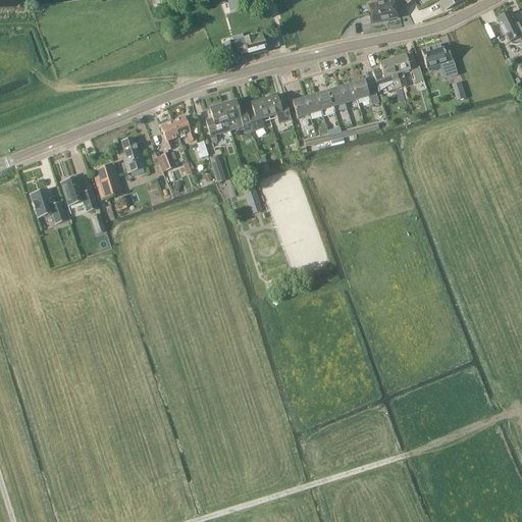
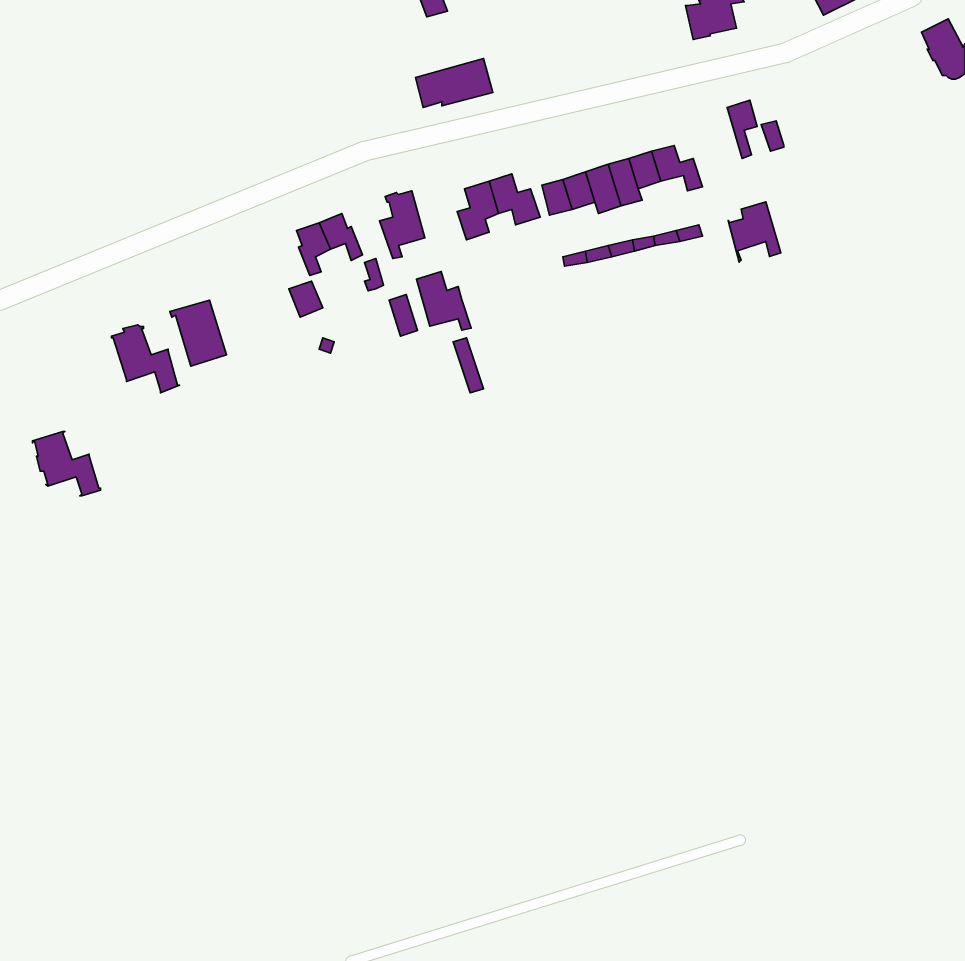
building: [421,43,458,77] -> none
building: [372,58,401,91] -> [728,202,781,262]
building: [222,99,252,130] -> [417,271,471,330]
building: [120,137,146,171] -> none
building: [30,189,66,223] -> [33,432,101,496]

